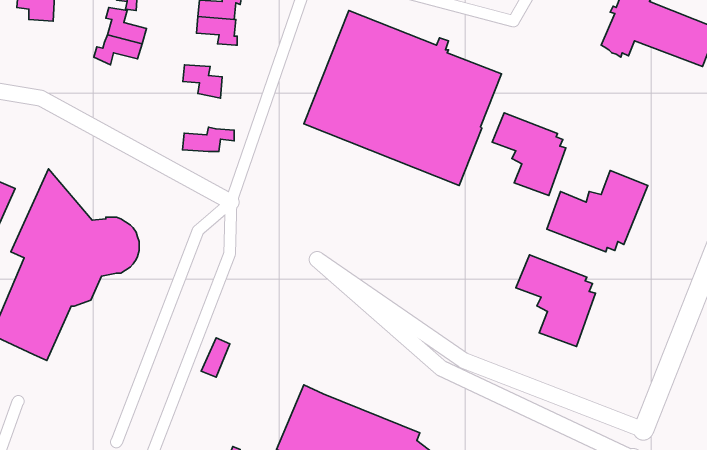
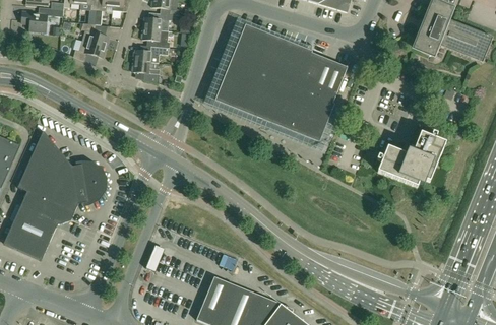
building: [492,113,566,196] -> none
building: [183,127,234,151] -> [134,45,169,61]
building: [516,255,595,347] -> none

